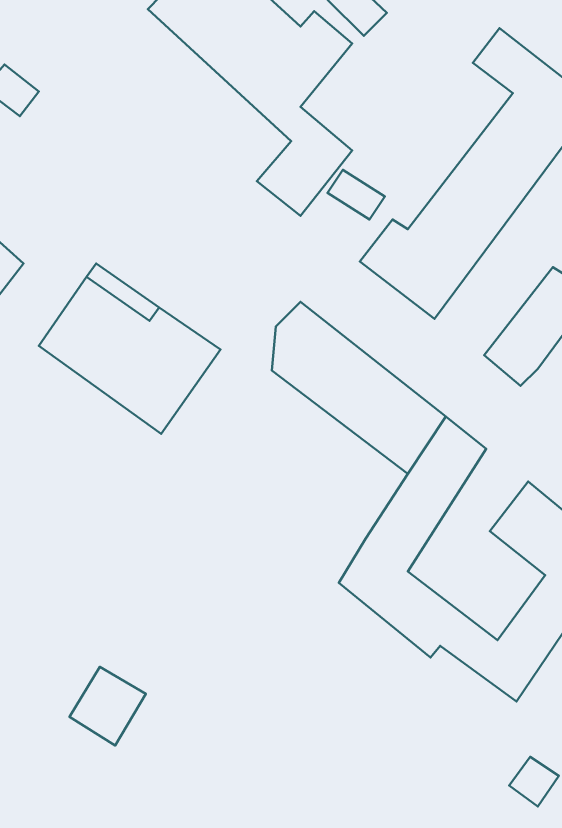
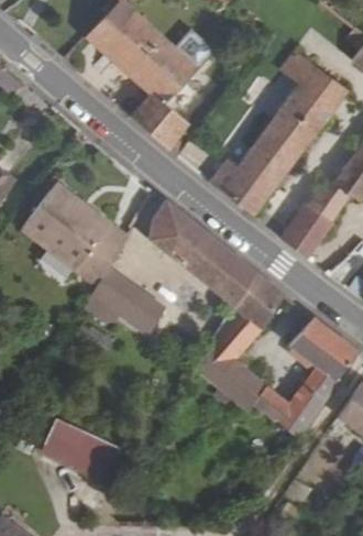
building: none -> [97,265,167,333]
building: none -> [64,434,119,489]

